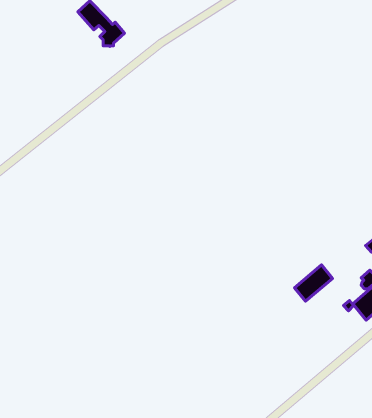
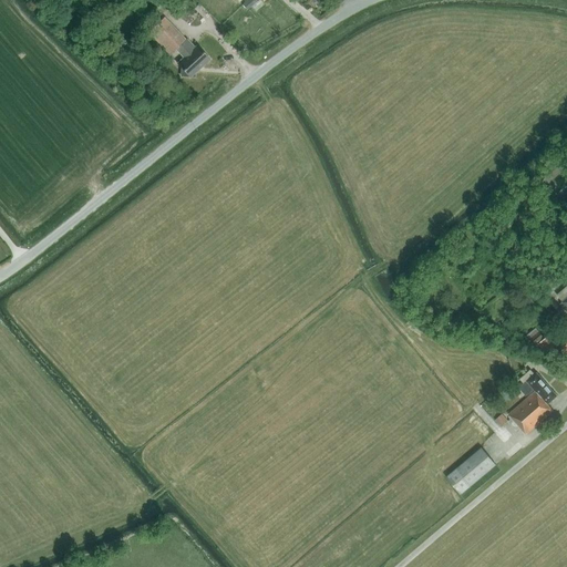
building: [294,265,333,301] -> [446,446,496,494]

